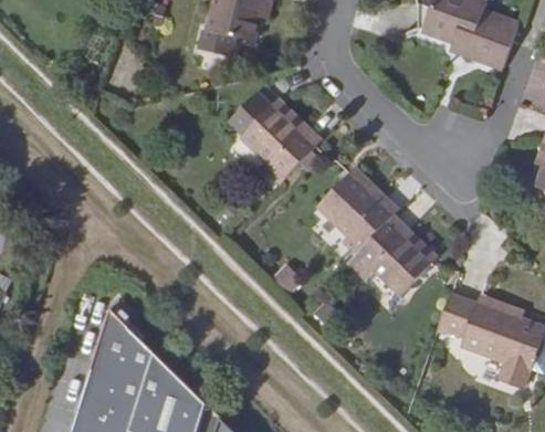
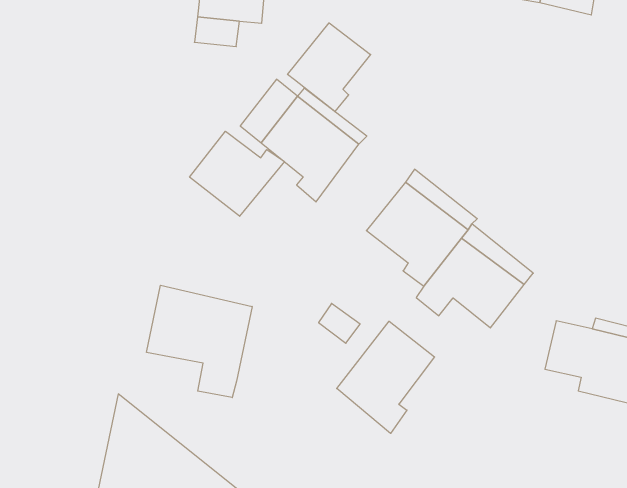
building: none -> [288,23,371,112]
building: none -> [190,131,284,216]
building: none -> [147,285,252,398]
building: none -> [337,321,435,433]

